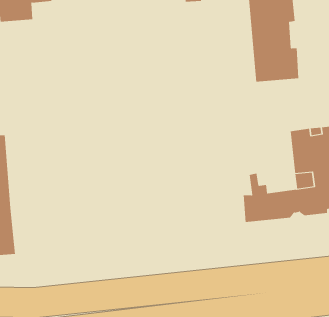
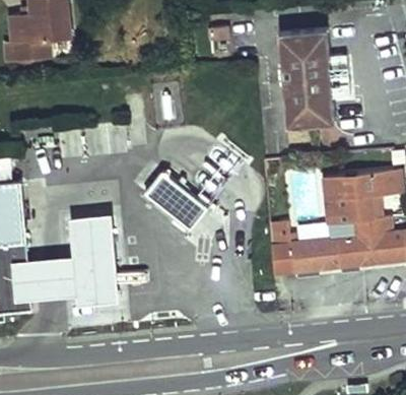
building: none -> [145,173,210,232]
building: none -> [26,215,119,305]

